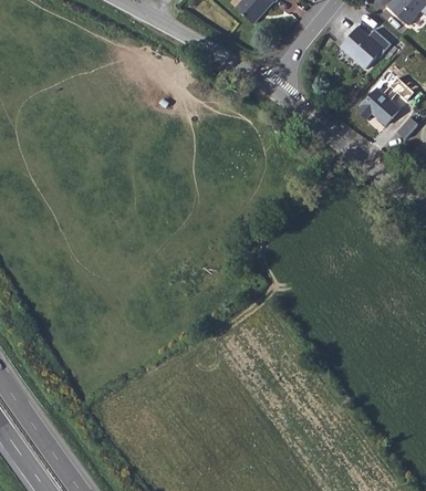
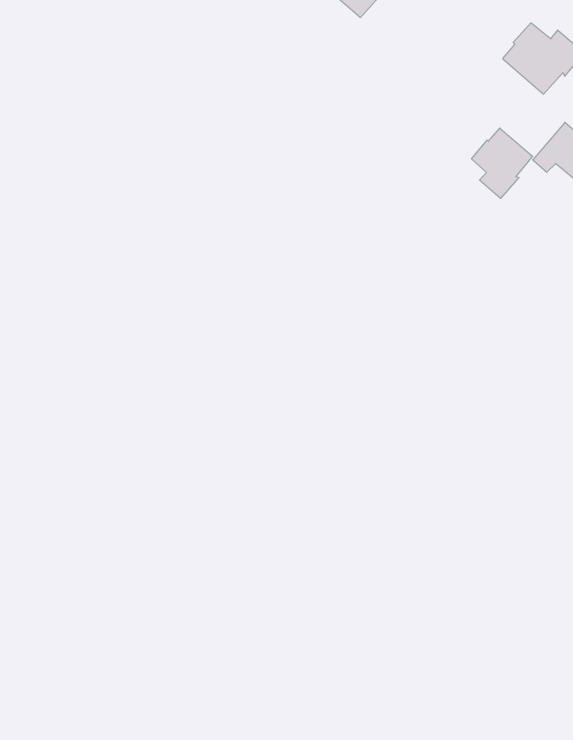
building: none -> [472,128,533,198]

